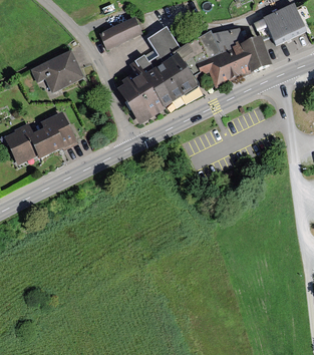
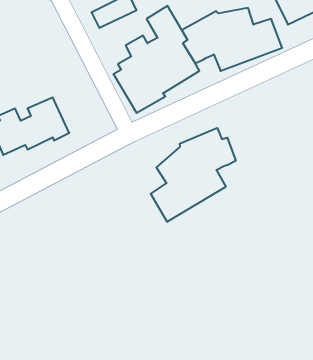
building: [30,49,84,91] -> none
building: none -> [151,128,236,222]

